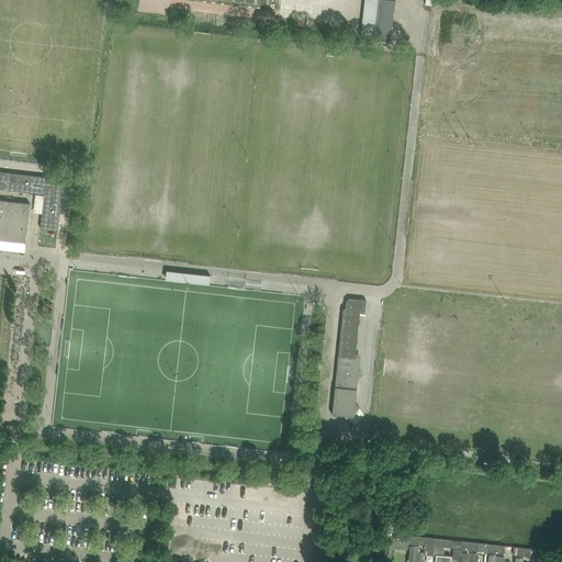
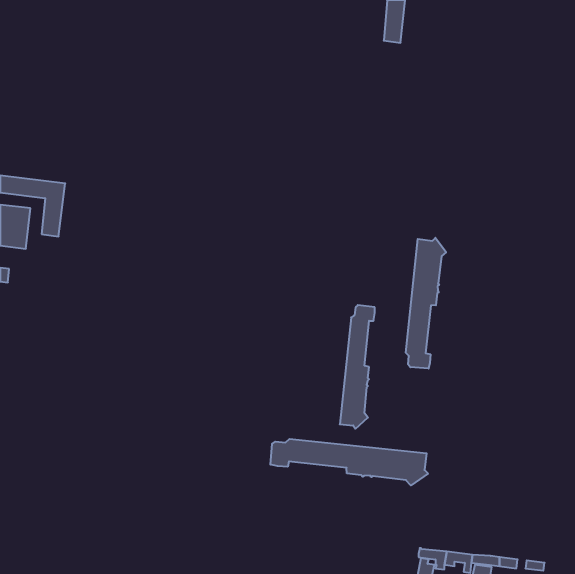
building: none -> [406,238,446,369]
building: none -> [270,439,428,485]

